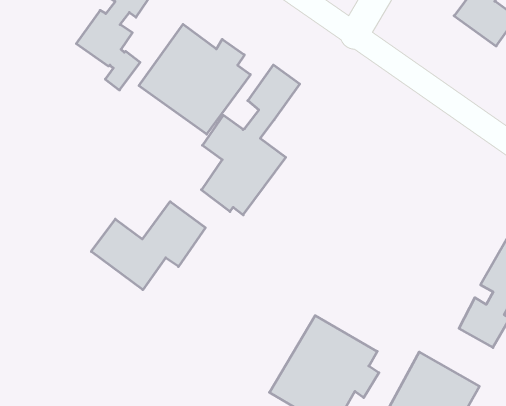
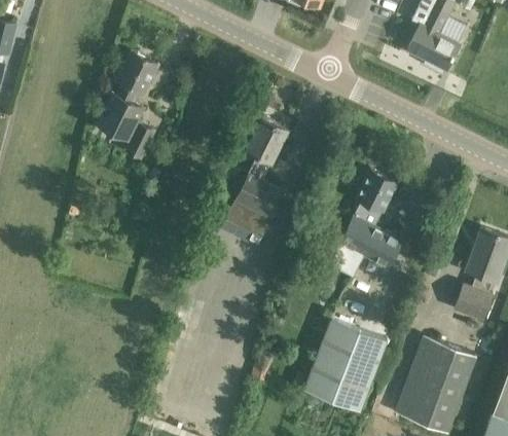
building: [139,24,250,134] -> none
building: none -> [333,170,403,279]
building: [91,202,205,290] -> none

